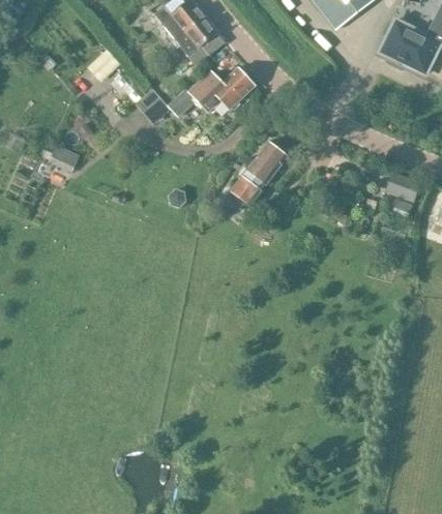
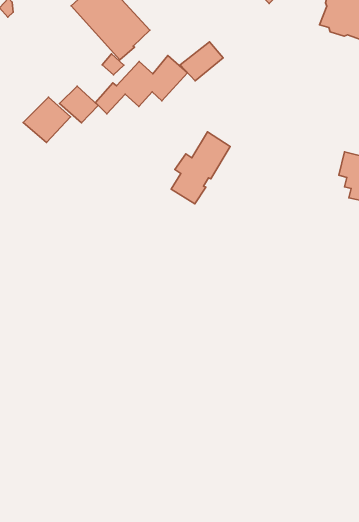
building: none -> [180,42,223,81]
building: none -> [23,97,70,142]

